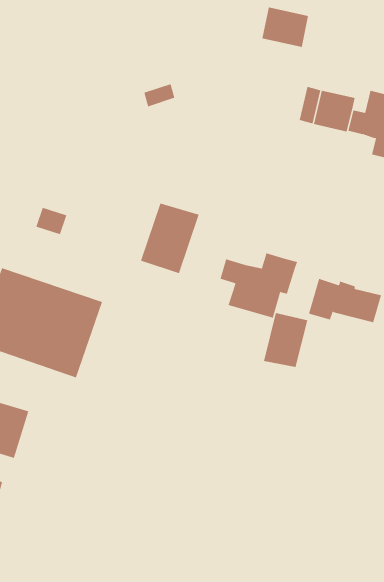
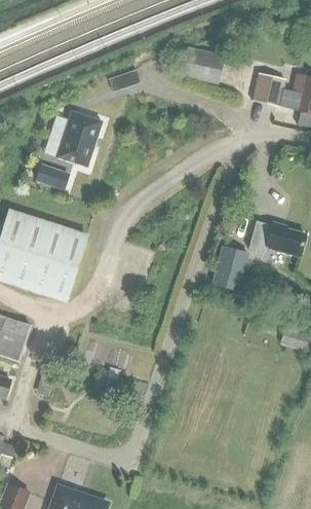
building: [262,7,309,48] -> [183,49,220,81]
building: [140,203,199,274] -> [55,111,102,167]
building: [220,252,298,318] -> none

